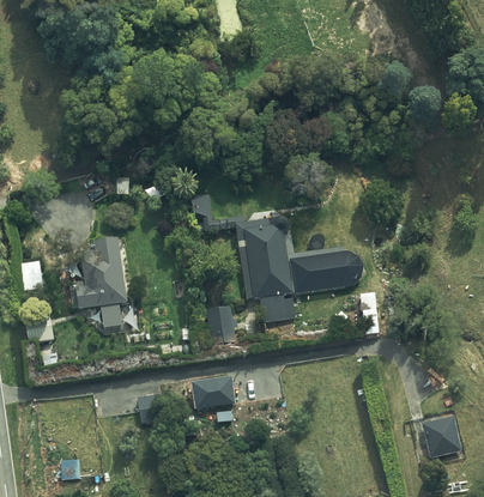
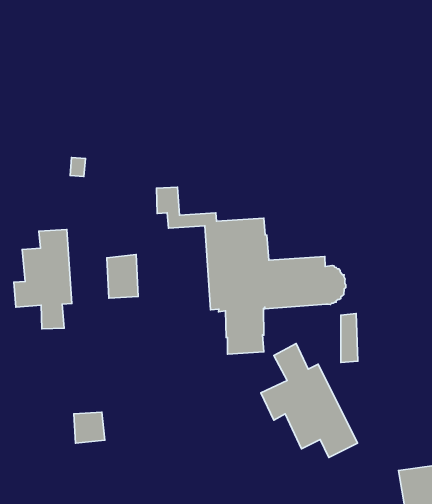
building: [205,305,235,345] -> [107,255,138,298]
building: none -> [261,344,358,458]
building: [190,376,234,407] -> none

